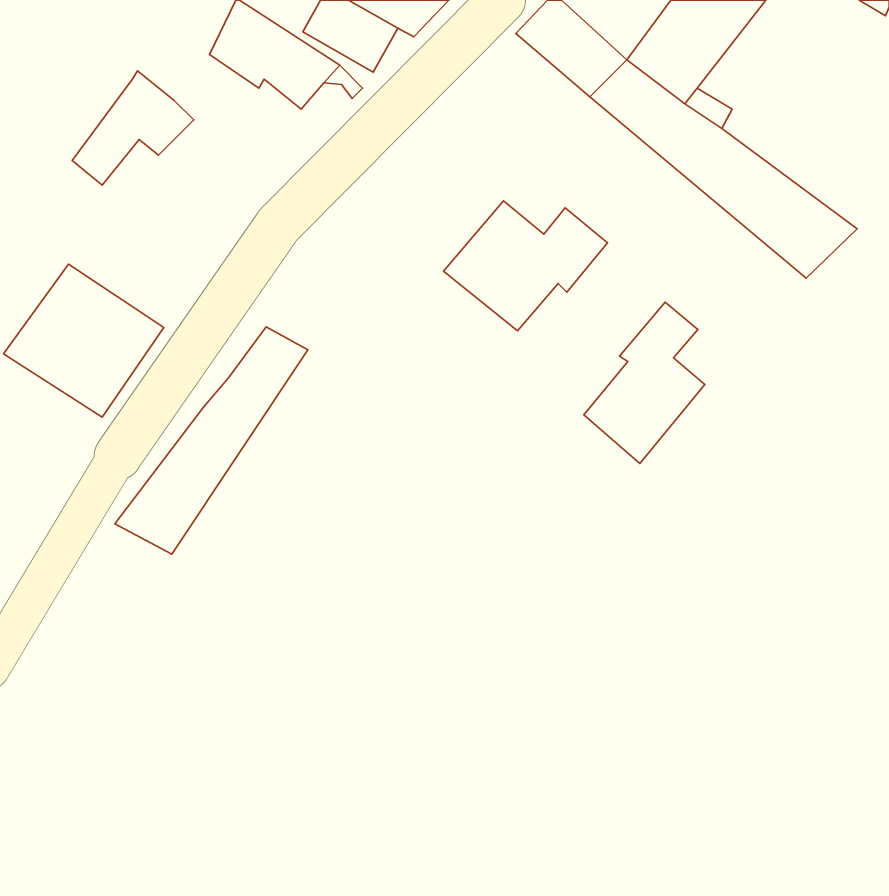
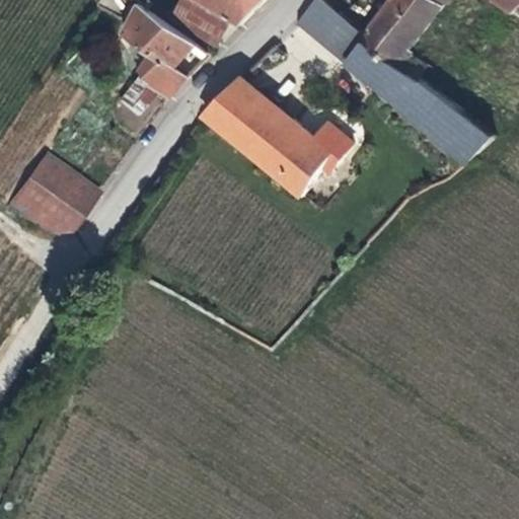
building: [72,71,194,185] -> [115,48,184,114]
building: none -> [204,74,290,158]
building: [584,302,705,464] -> none
building: [115,327,308,554] -> none

